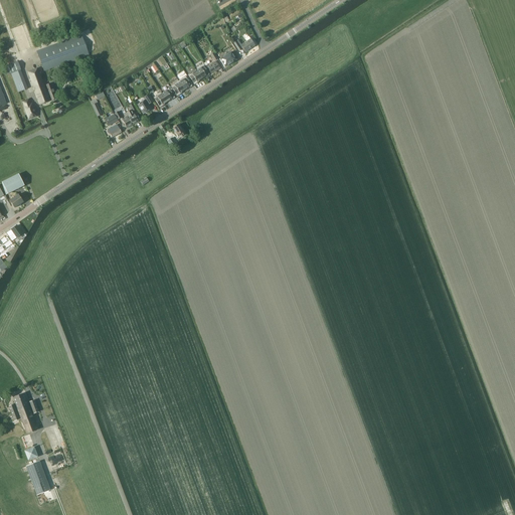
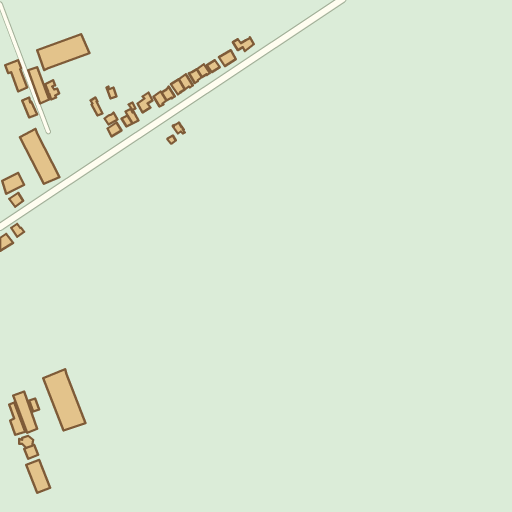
building: none -> [20,129,60,184]
building: none -> [43,369,86,430]

